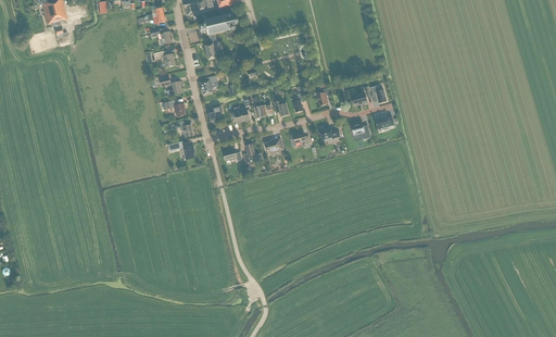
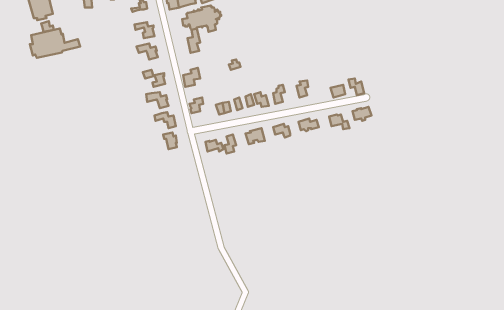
building: none -> [30,28,80,58]

